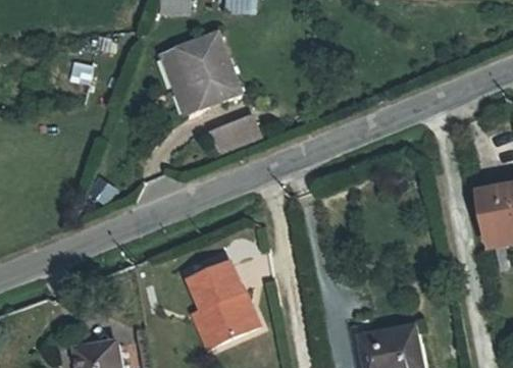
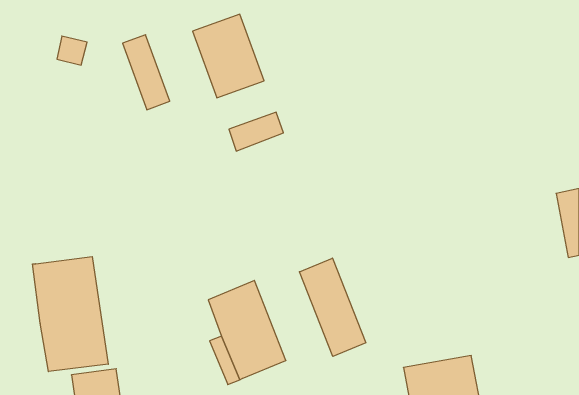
building: [160,51,200,114] -> [123,35,170,110]
building: none -> [33,257,108,372]
building: none -> [299,258,366,356]

